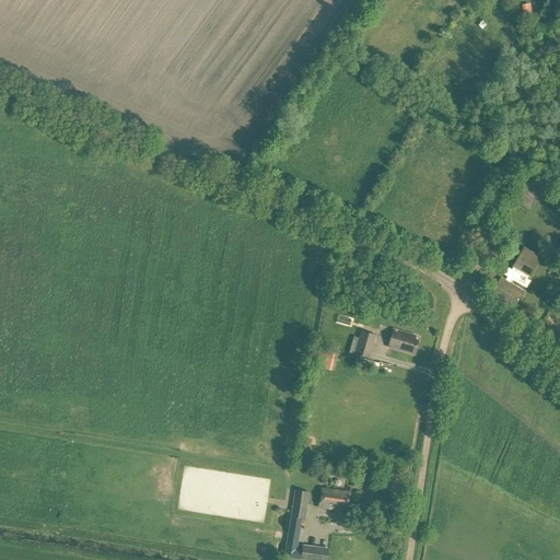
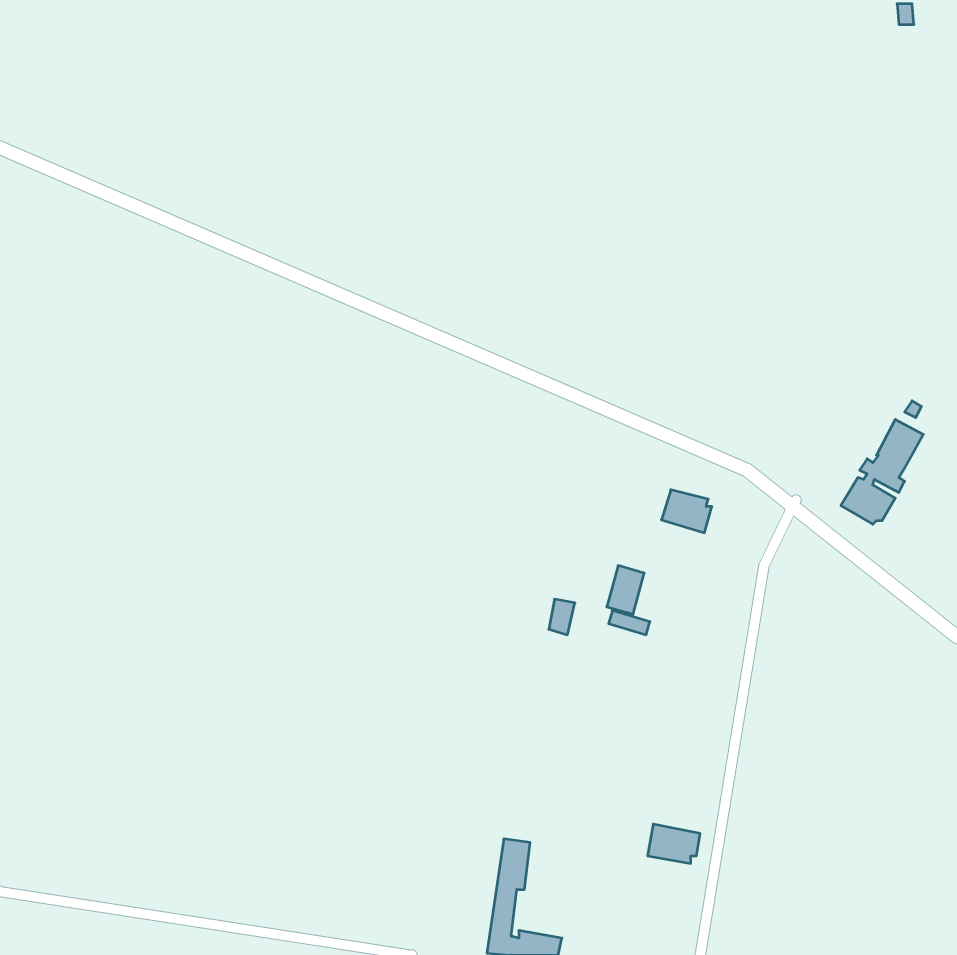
building: [387,329,417,354] -> [661,490,712,533]
building: [318,487,349,510] -> [648,824,700,863]

